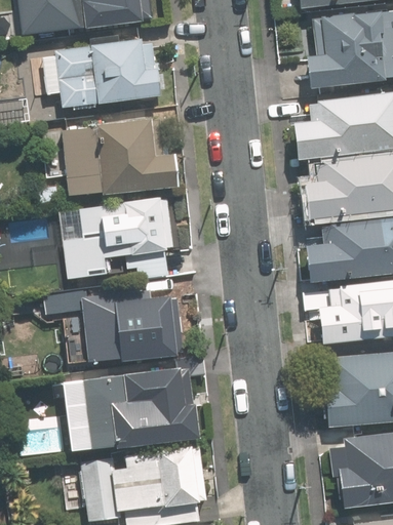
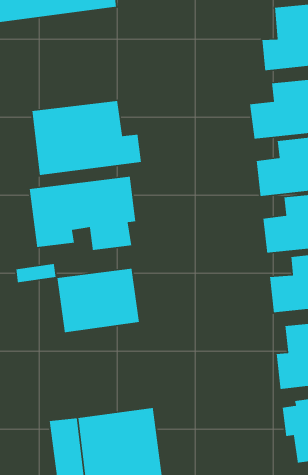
building: [42,38,163,110] -> none
building: [85,367,200,450] -> none

